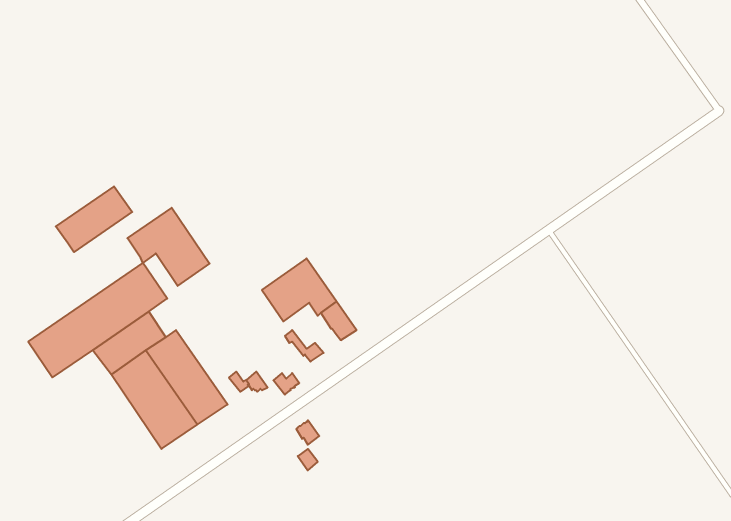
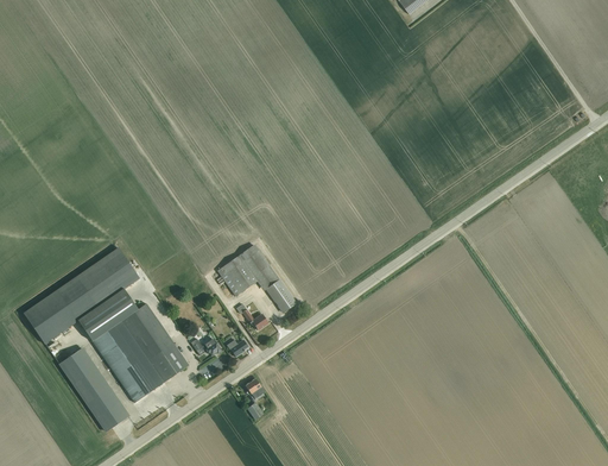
building: [56,186,132,252] -> none
building: [127,208,210,286] -> none
building: none -> [58,347,129,432]

